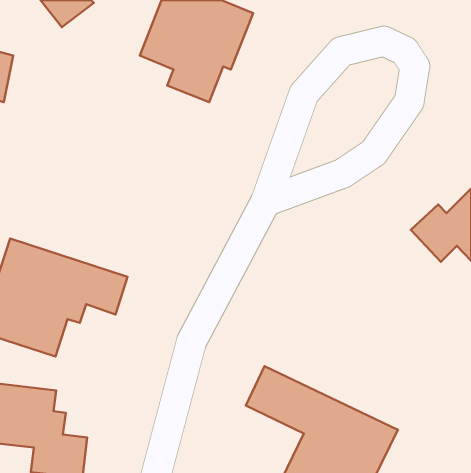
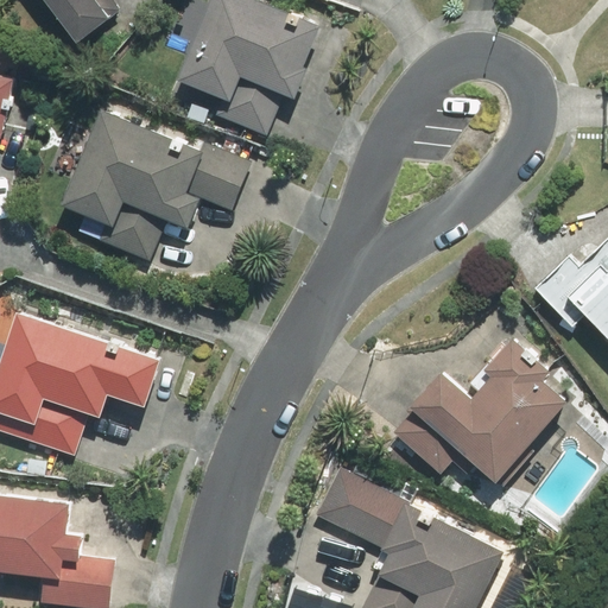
building: none -> [63,109,248,264]
building: none -> [386,341,570,481]

